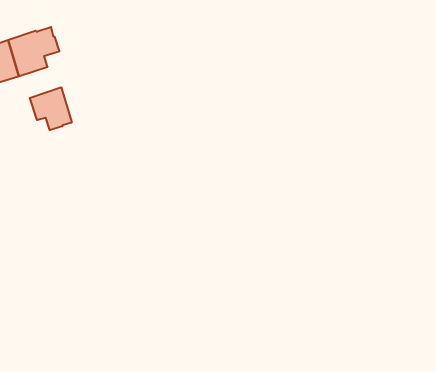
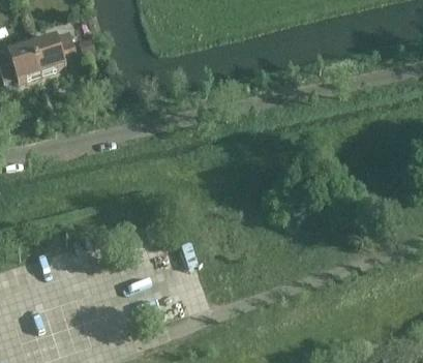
building: [30,87,72,130] -> none

